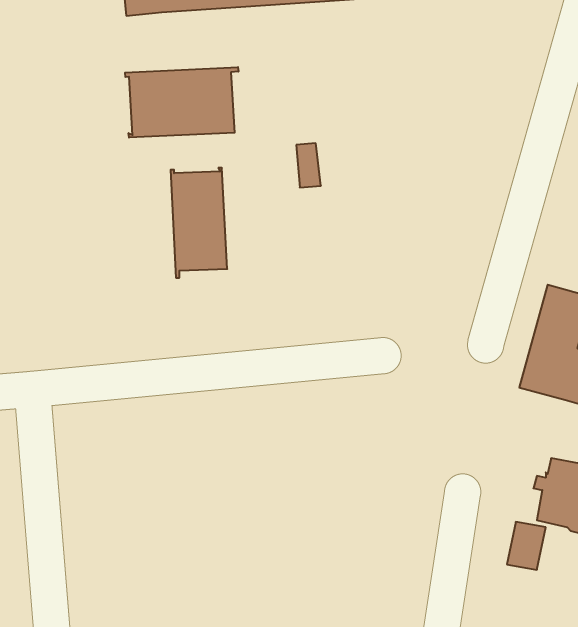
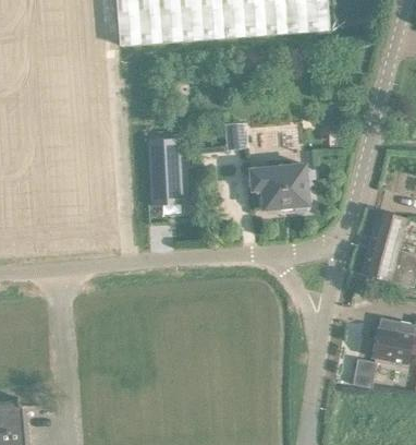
building: [125,67,238,138] -> none
building: none -> [249,164,309,209]

